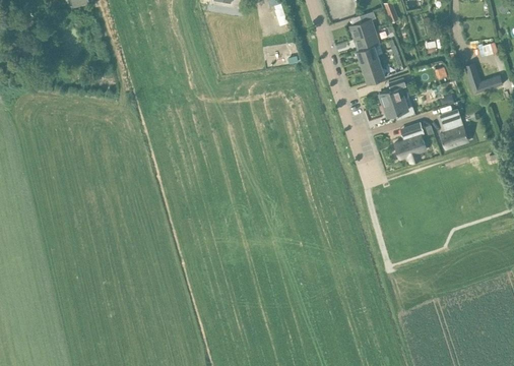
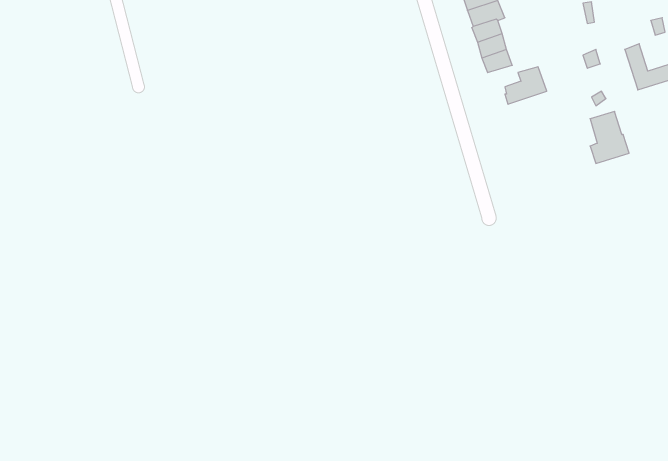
building: [382,96,414,119] -> none
building: [394,123,426,161] -> none

